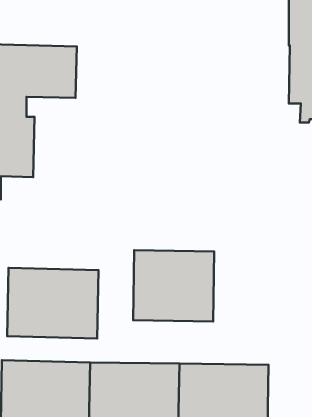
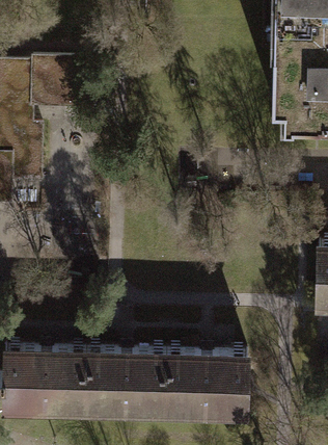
building: [133,250,214,322] -> none
building: [7,268,99,338] -> none

